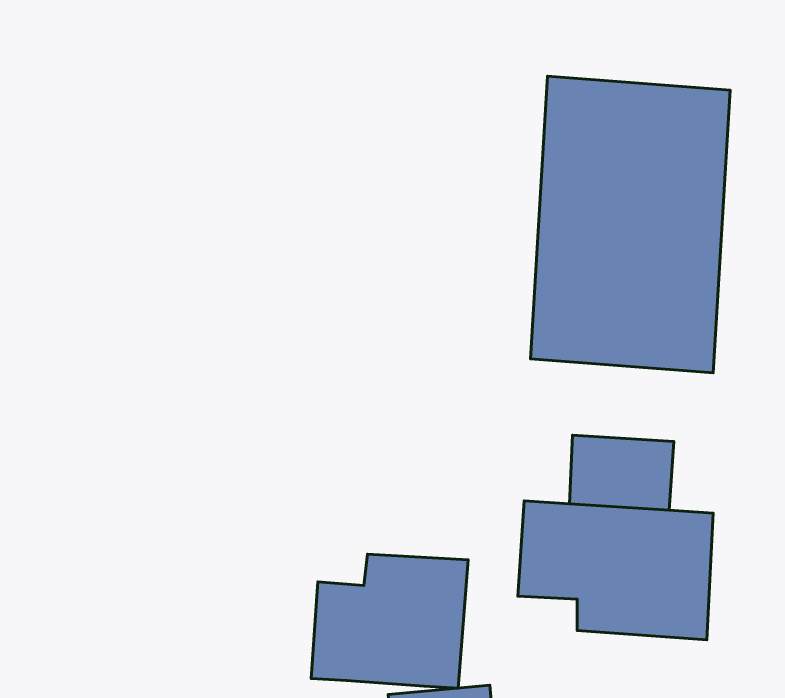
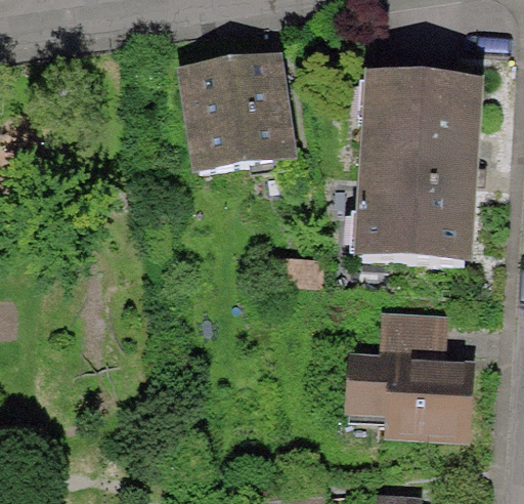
building: none -> [174,50,300,172]
building: [311,554,468,688] -> none

